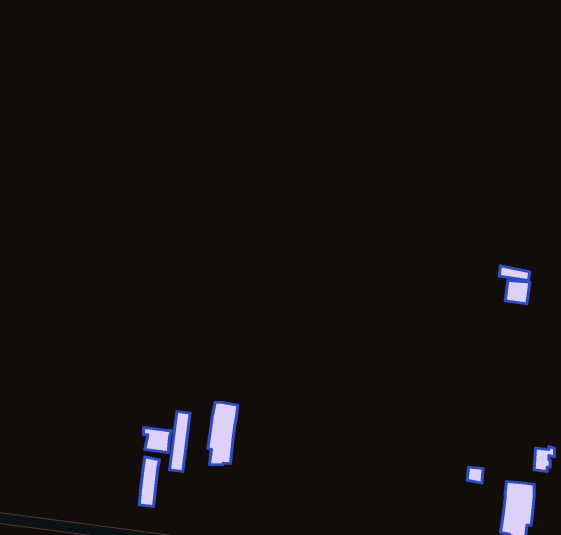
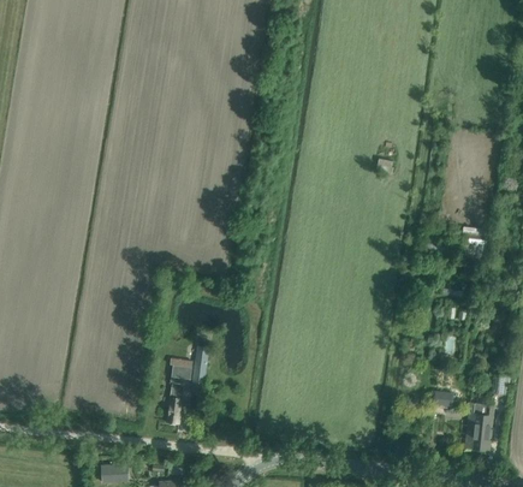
building: [208,402,238,465] -> none

